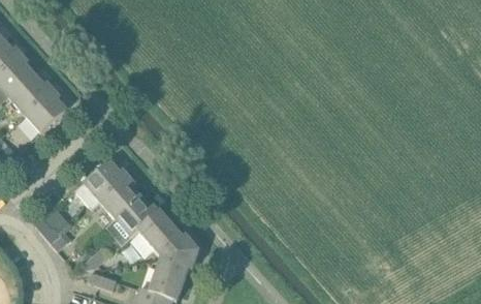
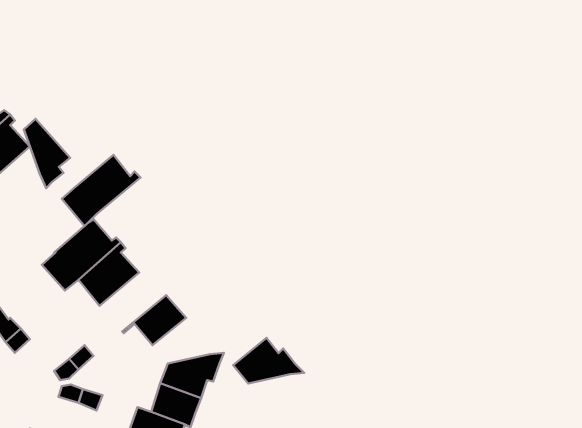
building: none -> [24,119,70,188]
building: [106,194,160,243] -> [62,155,141,226]
building: [151,225,199,256] -> [233,338,304,383]

